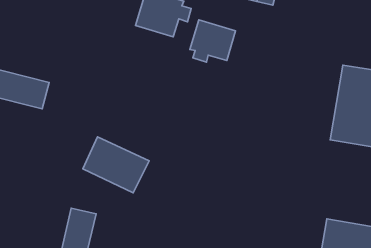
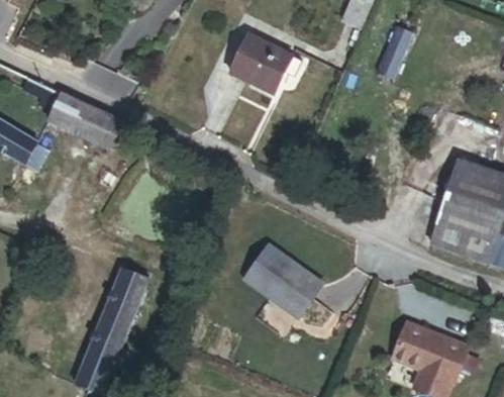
building: [190,20,236,62] -> none
building: [83,137,149,193] -> [245,242,322,313]

